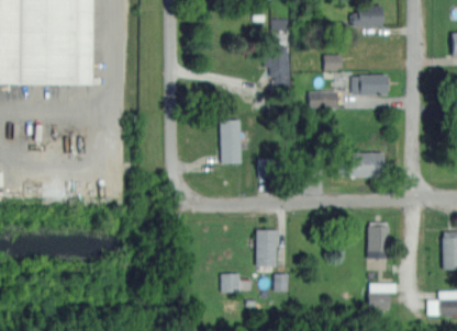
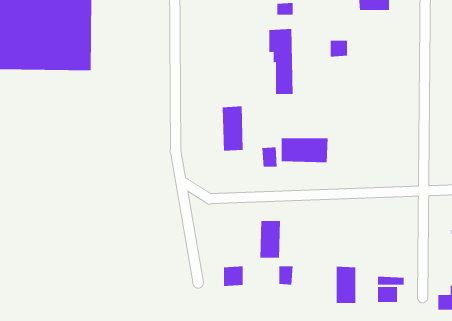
building: [353,73,387,94] -> none
building: [309,91,338,107] -> none
building: [337,152,383,176] -> [281,138,328,163]
building: [368,221,388,258] -> [336,266,356,303]

